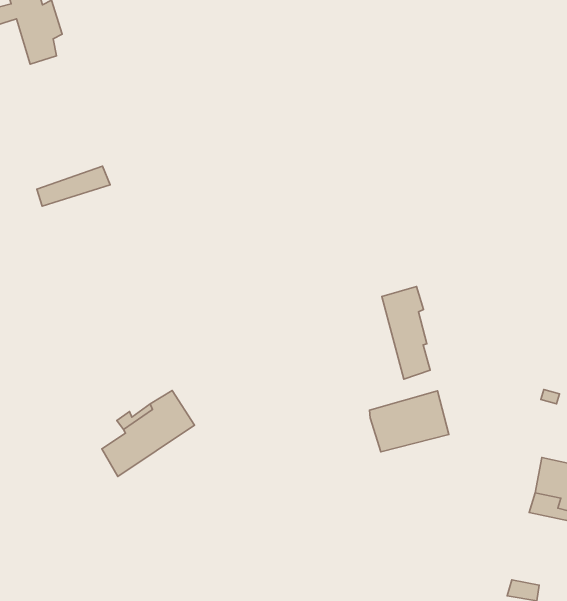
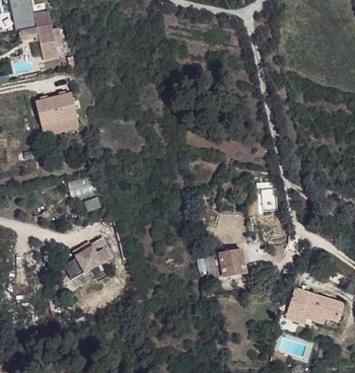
building: none -> [36,92,77,125]
building: [382,287,430,379] -> none

